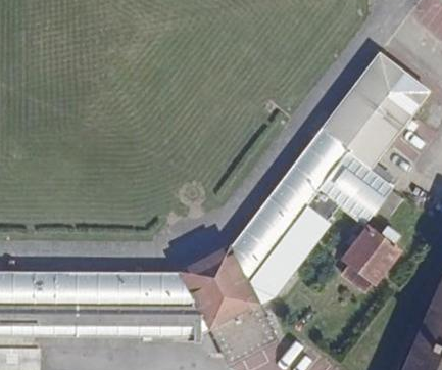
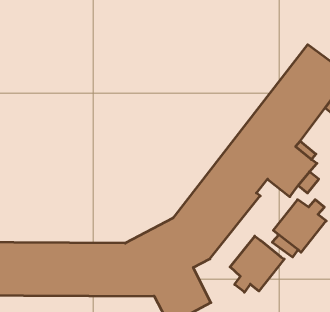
building: none -> [230,236,284,292]

